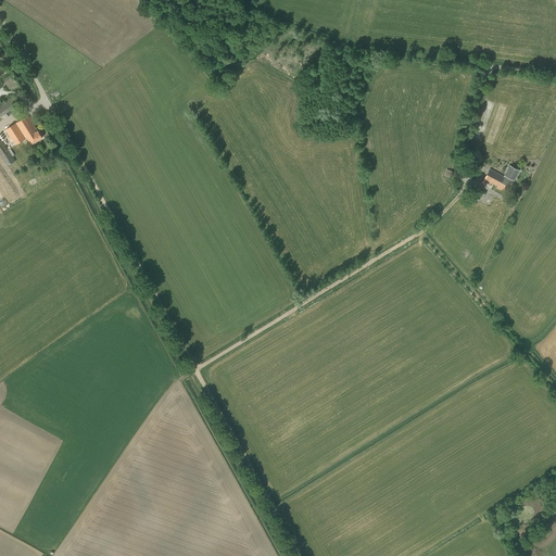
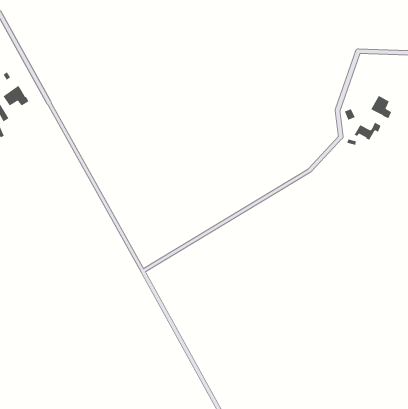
building: none -> [370,95,392,119]

